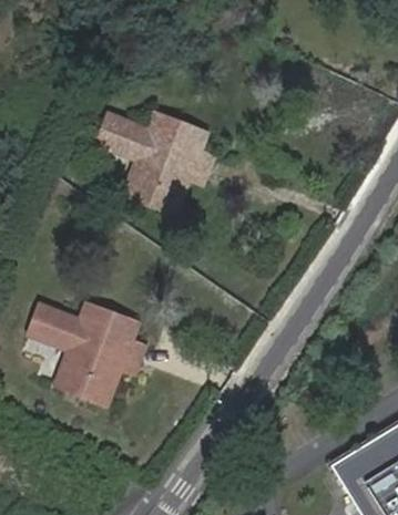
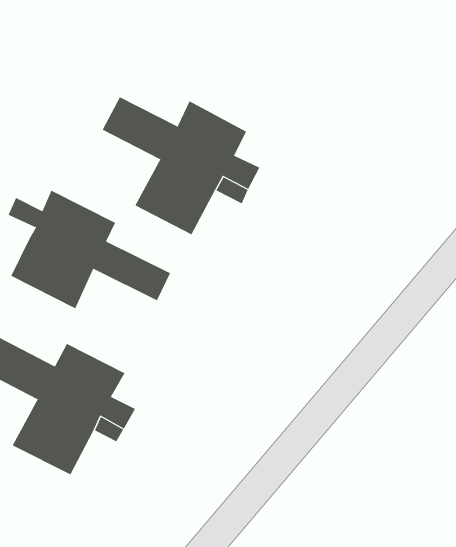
building: none -> [8,190,171,309]

